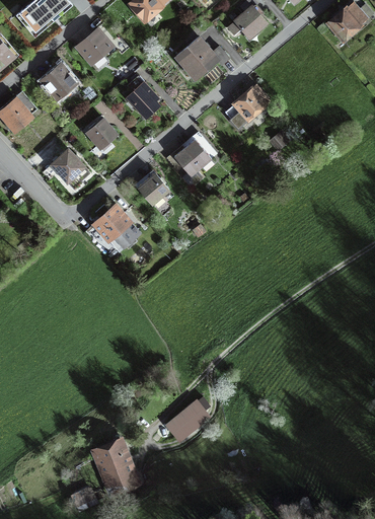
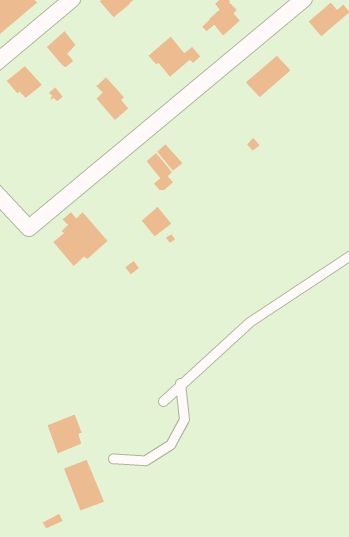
building: [223,86,268,128] -> [245,55,292,98]
building: [86,121,114,147] -> none
building: [50,149,88,190] -> none
building: [137,173,167,204] -> [141,206,173,238]
building: none -> [47,413,83,455]
building: [167,402,205,437] -> none

